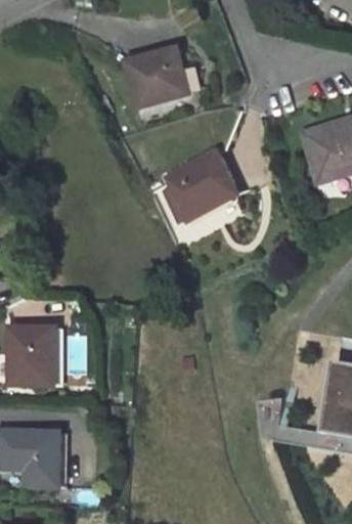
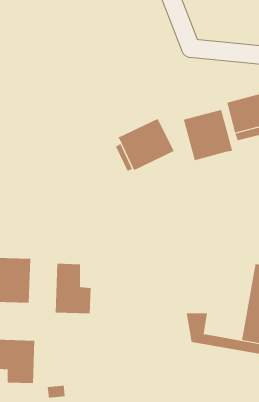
building: [127,48,191,105] -> none
building: none -> [183,109,233,161]
building: none -> [55,263,91,314]

